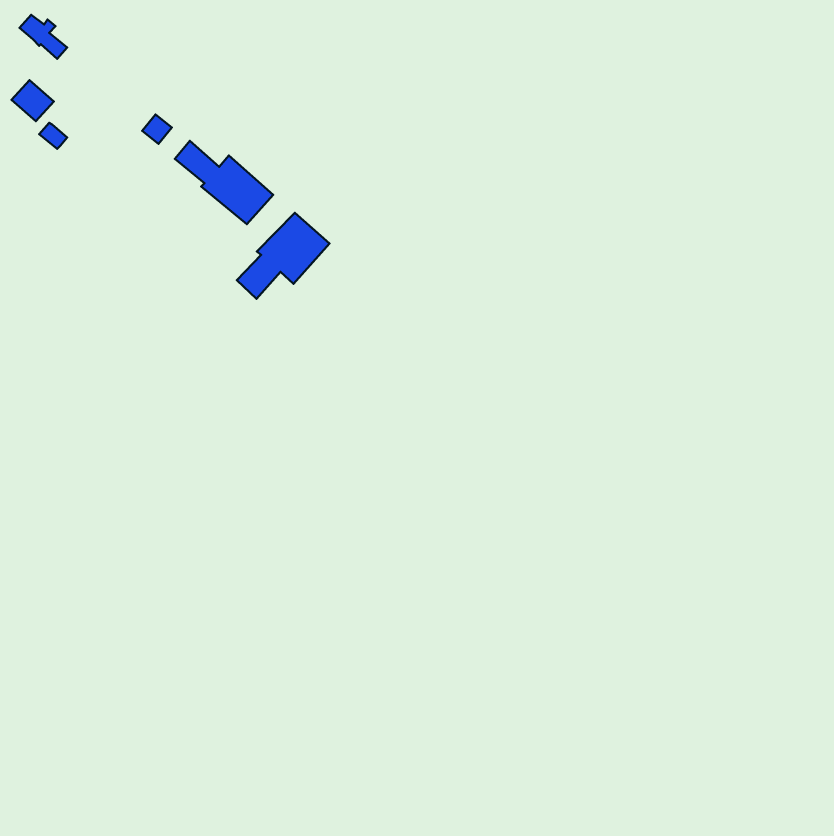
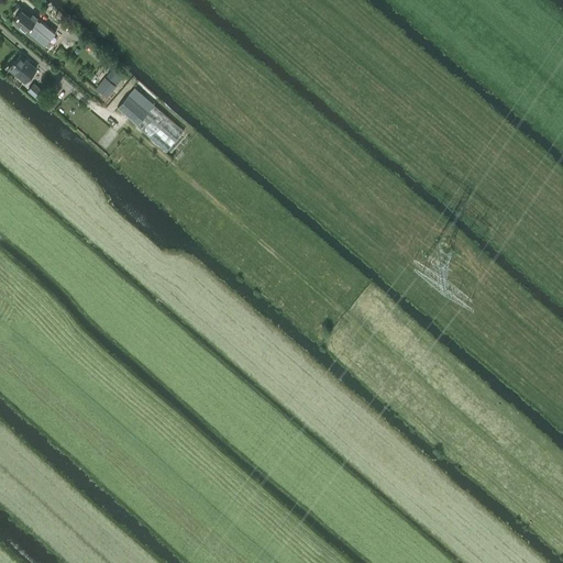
building: [237,213,329,299] -> none

